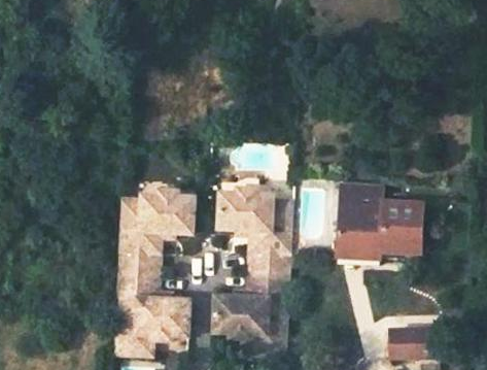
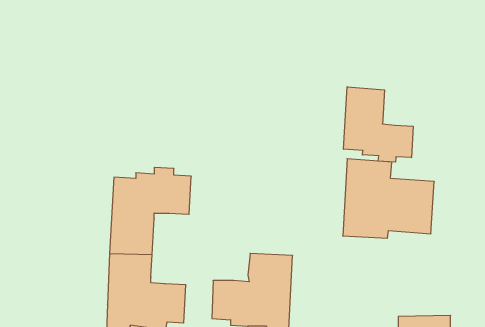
building: none -> [344,87,413,162]
building: [217,186,292,273] -> none

